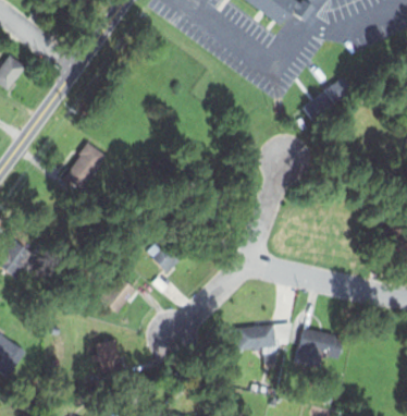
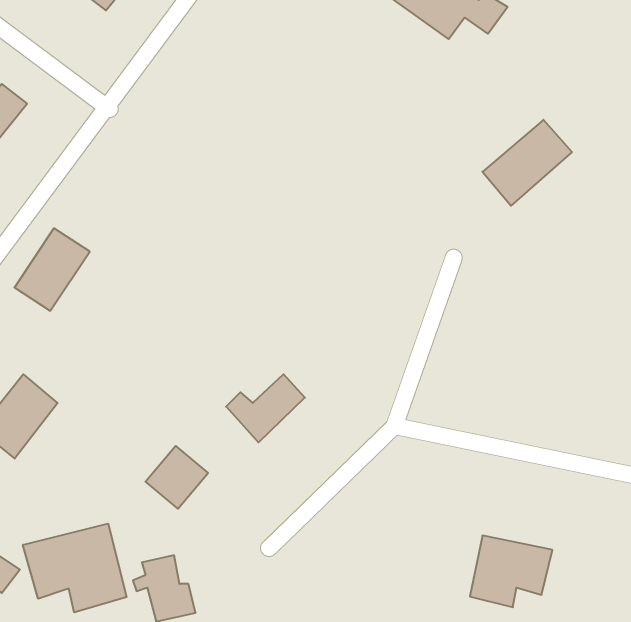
building: [63,142,109,192] -> [14,228,90,311]
building: [235,321,292,366] -> none
building: none -> [23,524,127,612]

